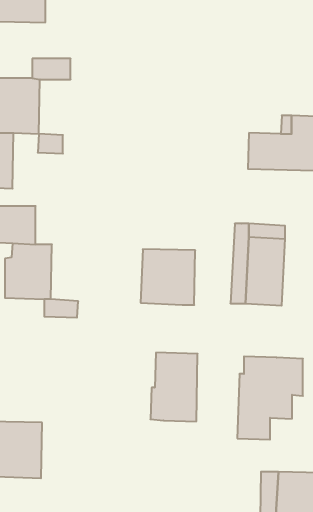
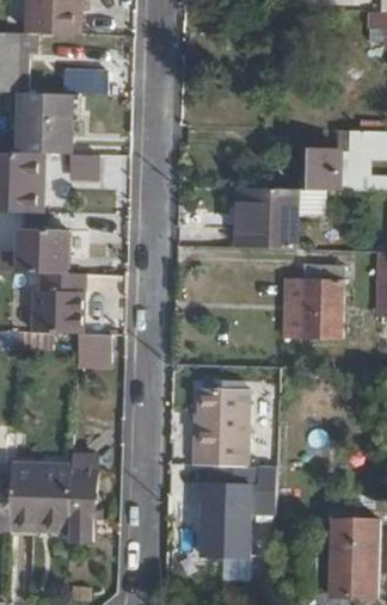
building: [141,249,195,305] -> [234,190,294,251]
building: [237,356,303,440] -> [201,465,272,556]
building: none -> [74,457,99,539]

